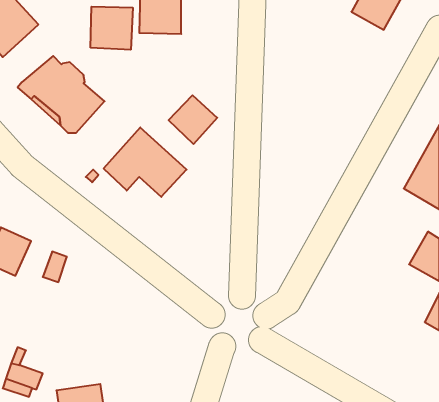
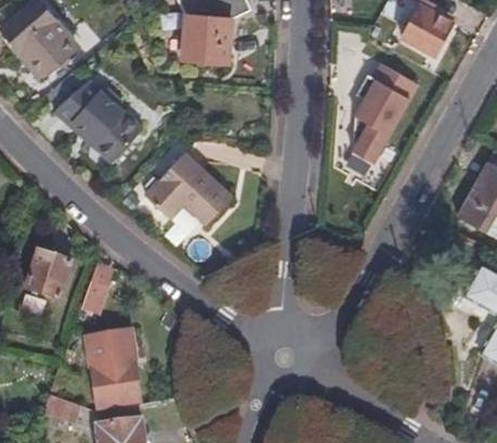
building: [91,7,133,50] -> none
building: none -> [351,61,418,160]
building: [169,95,217,144] -> none
building: none -> [85,331,140,409]

